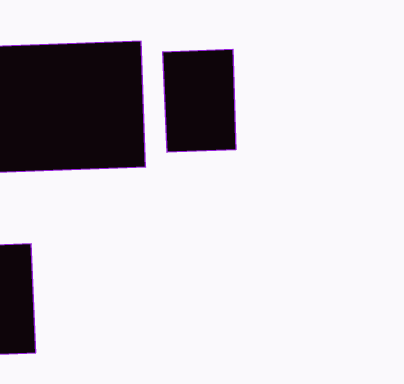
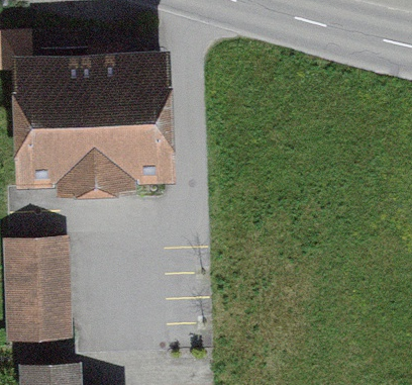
building: [163,49,236,152] -> none

